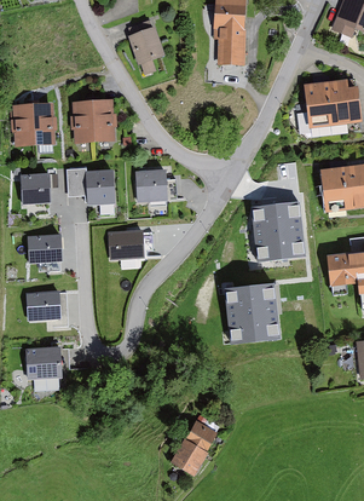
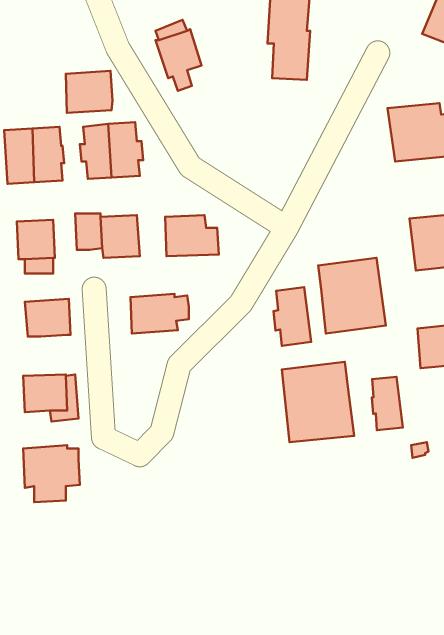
building: none -> [66,71,112,113]
building: none -> [273,287,311,346]
building: none -> [372,377,403,430]
building: [169,414,216,477] -> none

